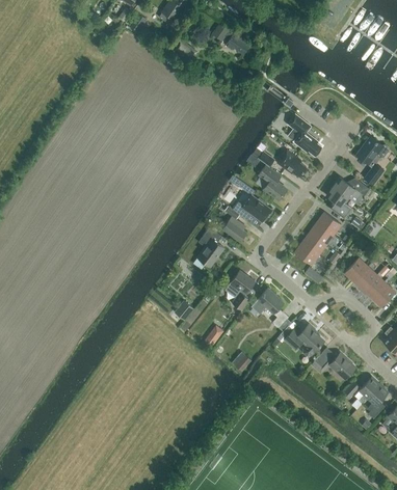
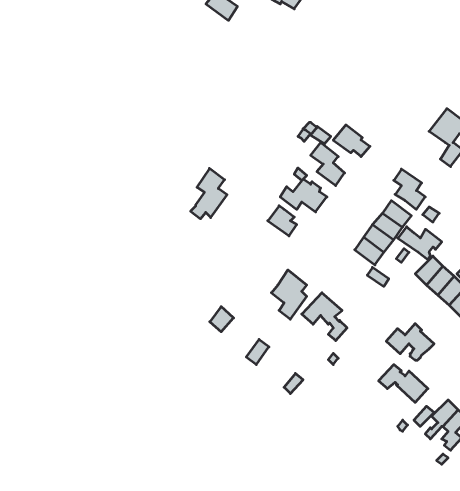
building: [288,113,322,156] -> none
building: [334,176,370,203] -> [398,227,442,260]
building: [194,226,224,268] -> [191,168,227,219]
building: [285,324,324,354] -> [386,324,434,360]

